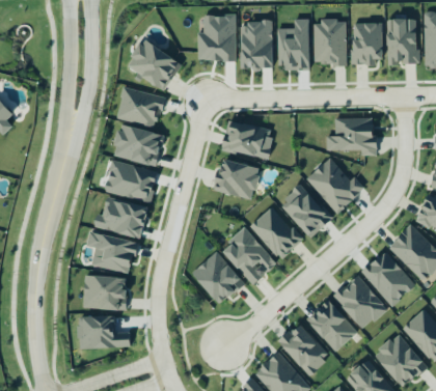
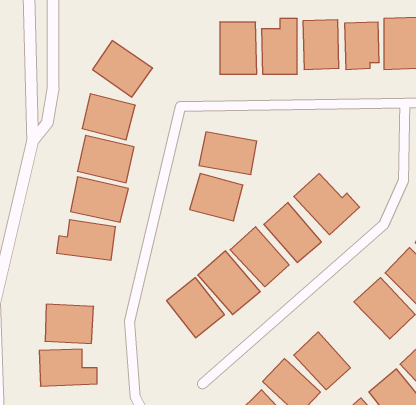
building: [197,15,236,60] -> none
building: [326,117,377,156] -> none
building: [86,231,136,273] -> none
building: [333,275,386,330] -> none

